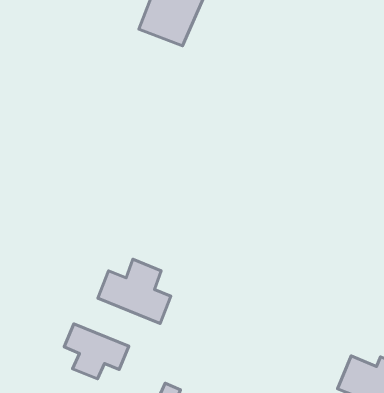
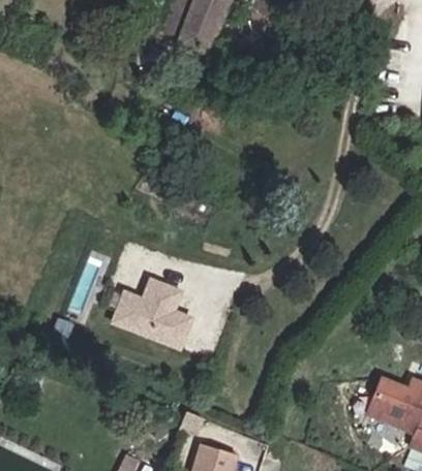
building: [64,324,129,379] -> none

